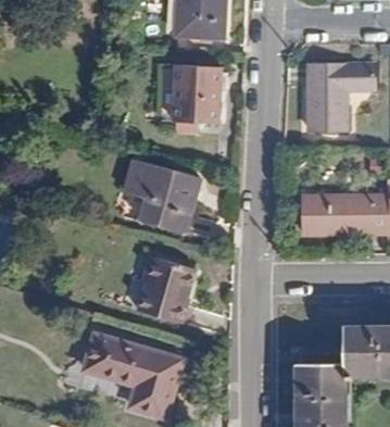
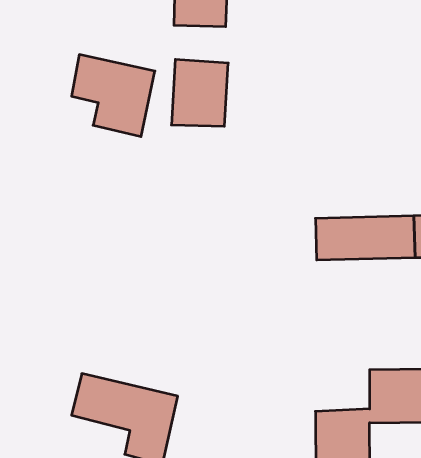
building: [306,65,373,129] -> none
building: [128,160,200,230] -> [72,55,155,137]
building: [137,253,192,307] -> none

